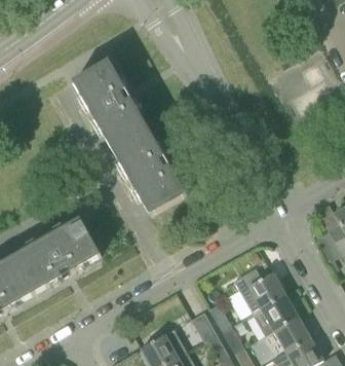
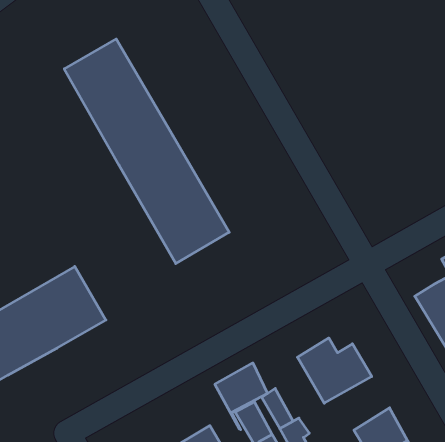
building: none -> [215,363,267,430]
building: [253,295,298,336] -> none

